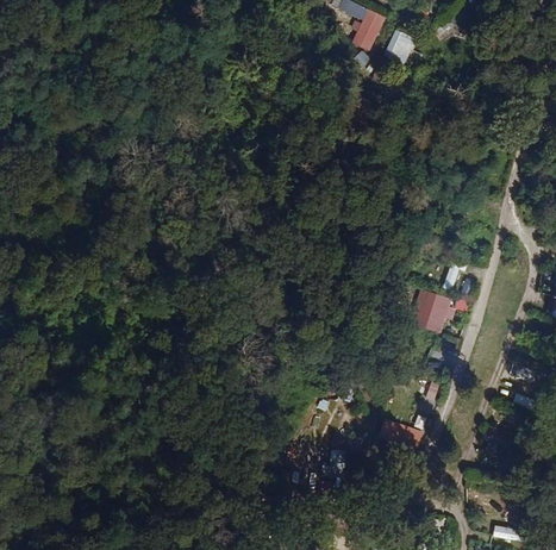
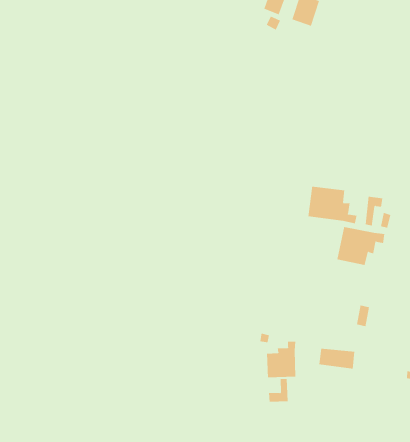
building: none -> [308,186,357,224]
building: none -> [266,341,296,378]

